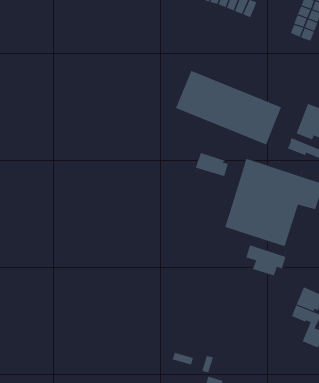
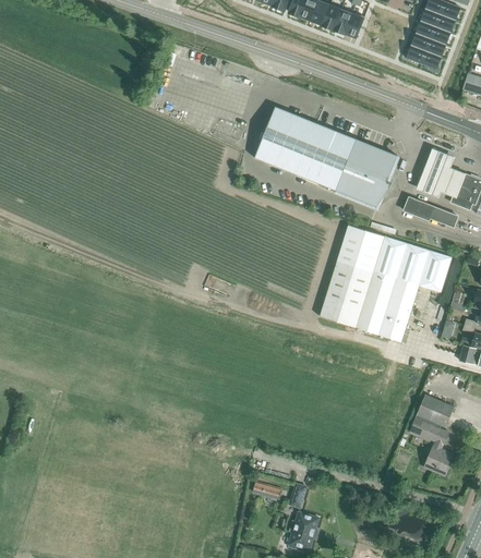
building: [195,152,228,177] -> none
building: [246,245,286,276] -> none

